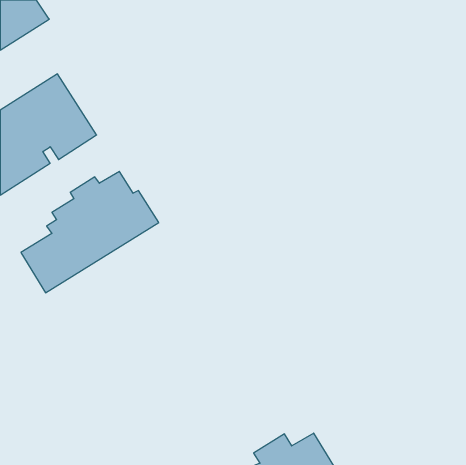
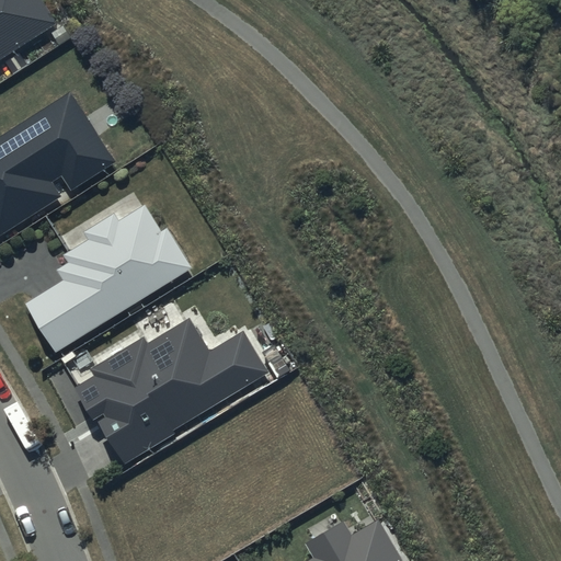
building: none -> [75,316,268,466]

